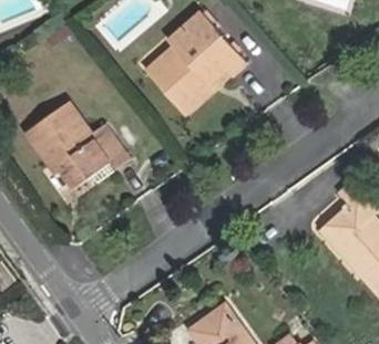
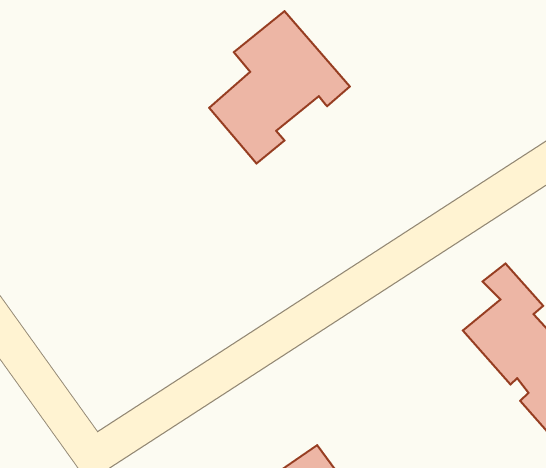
building: [23,102,126,188] -> none

